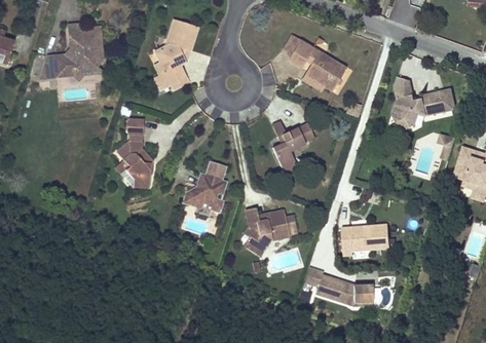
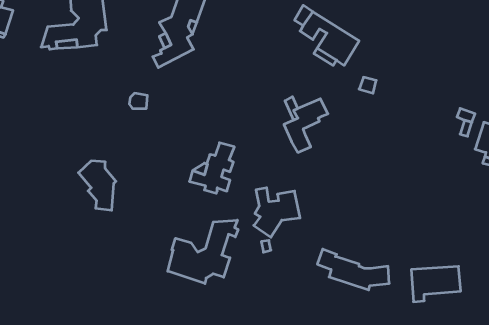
building: [391,76,455,129] -> none
building: [116,141,152,188] -> [78,161,116,210]
building: [343,223,390,257] -> [411,266,461,302]
building: none -> [168,220,238,284]

